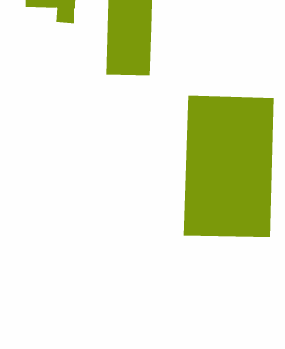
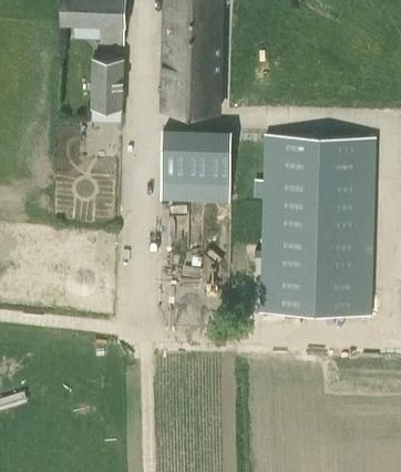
building: none -> [92,60,124,109]
building: none -> [161,130,232,203]

